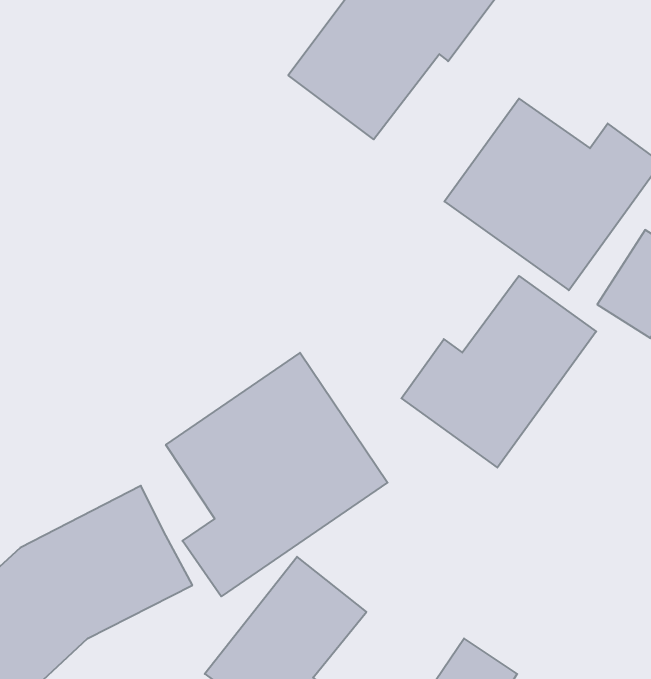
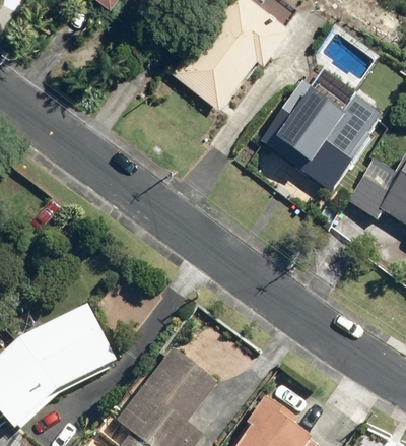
building: [401,276,596,468] -> none
building: [166,353,388,596] -> none

